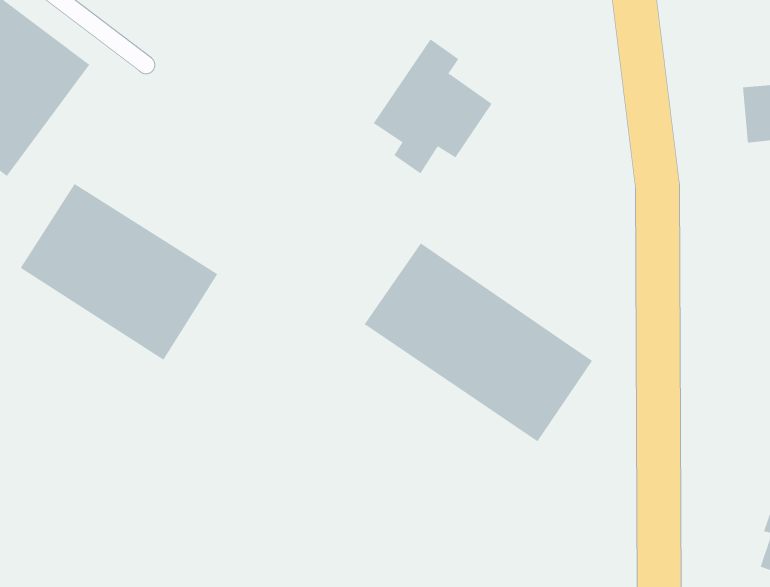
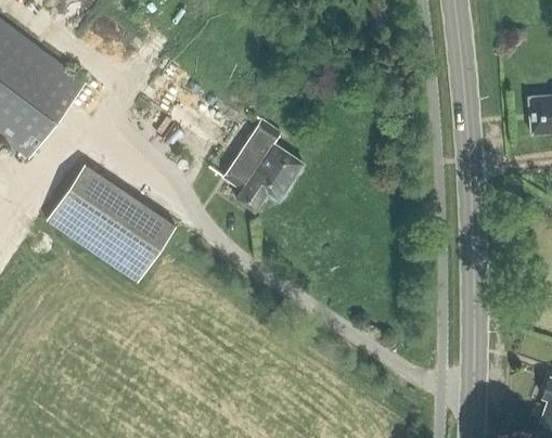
building: [373,38,493,174] -> [223,119,305,211]
building: [364,243,593,442] -> none

